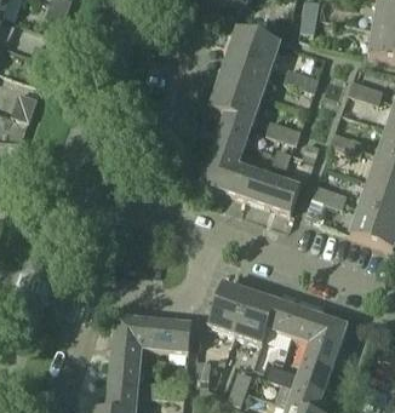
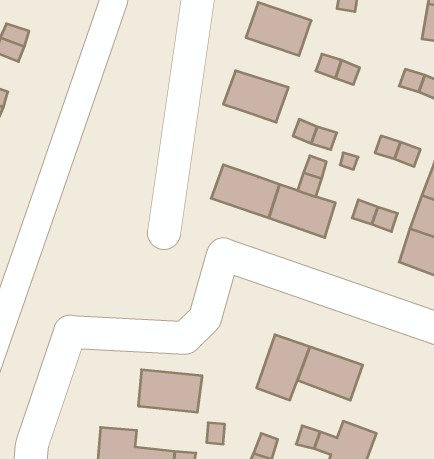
building: [218,52,269,92] -> none
building: [208,110,251,164] -> none
building: [207,280,250,332] -> none
building: [304,314,347,368] -> none
building: [110,315,143,366] -> none

